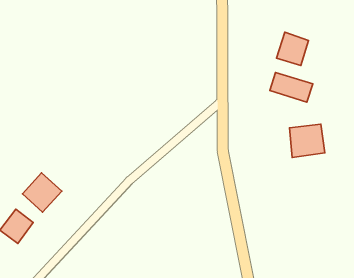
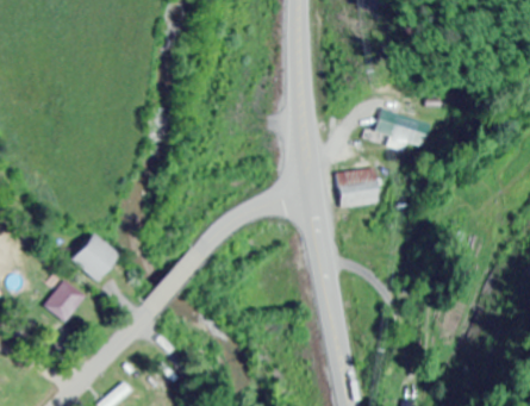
building: [277,32,309,66] -> none
building: [289,124,325,157] -> [339,168,384,210]

